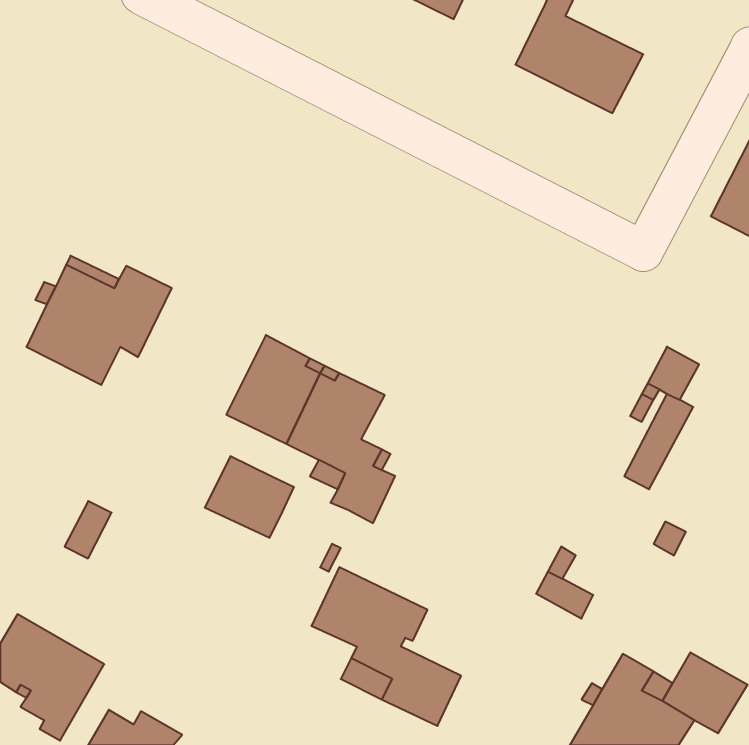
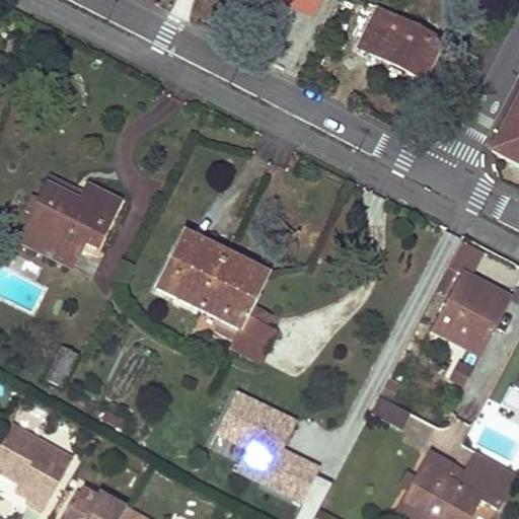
building: none -> [449,281,511,354]
building: [205,456,294,538] -> none

